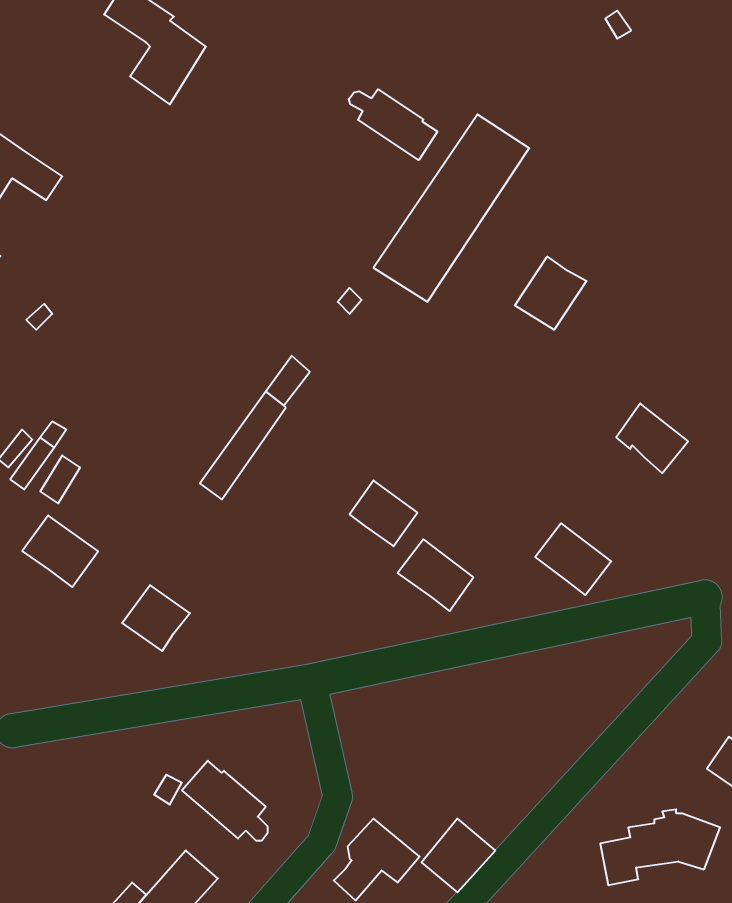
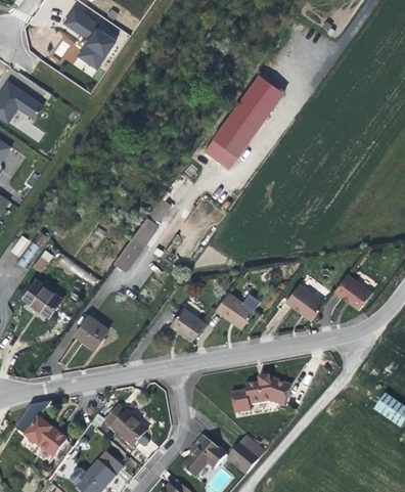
building: [349,89,437,160] -> none
building: [515,257,587,330] -> none
building: [616,403,688,473] -> [334,273,371,309]
building: [350,480,417,546] -> [170,307,205,341]
building: none -> [25,417,66,456]
building: [600,809,720,885] -> [230,374,291,413]

